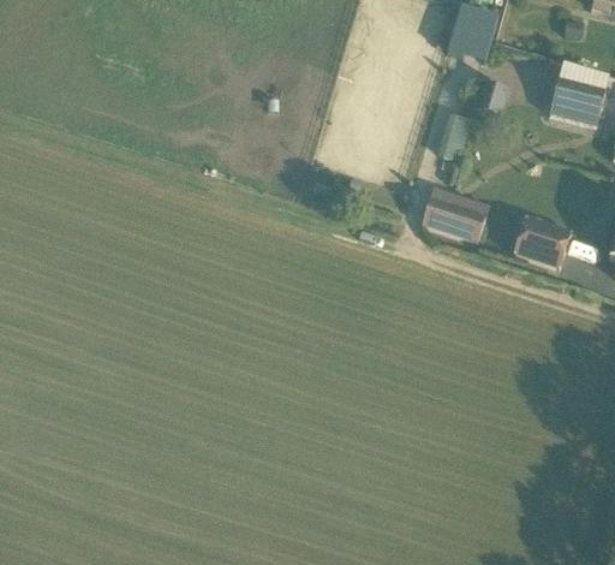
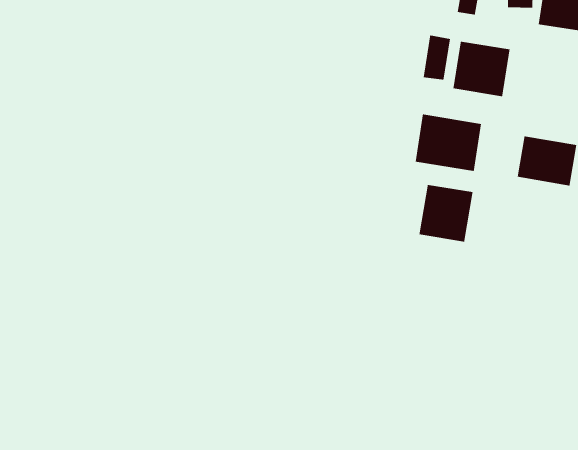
building: none -> [453,41,510,97]
building: none -> [419,184,473,242]

